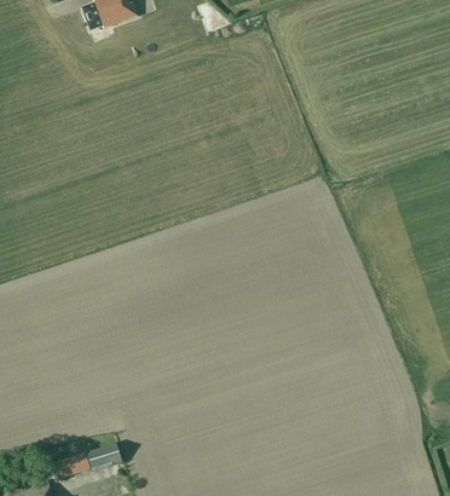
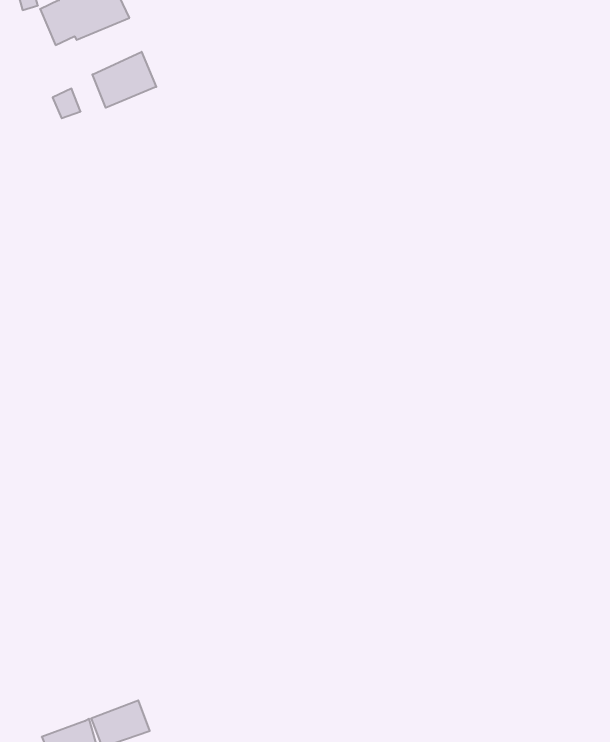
building: none -> [92,52,156,108]

